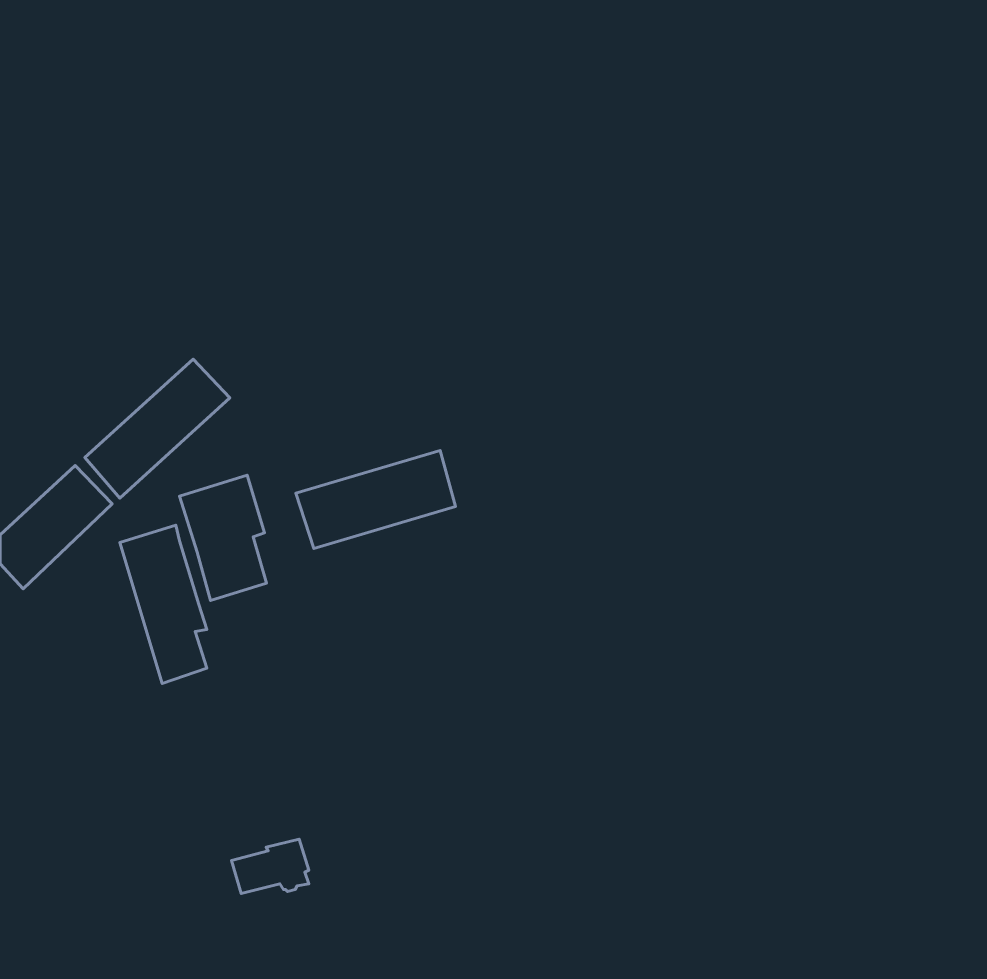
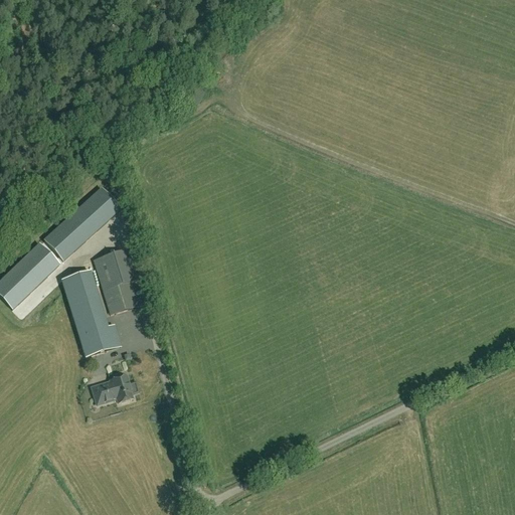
building: [296,450,456,548] -> none
building: [231,839,309,893] -> [92,374,132,402]

